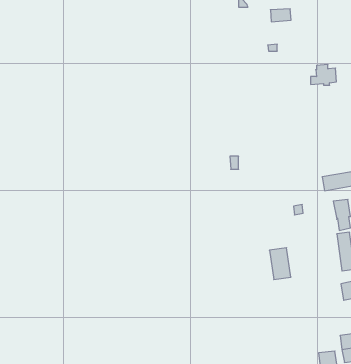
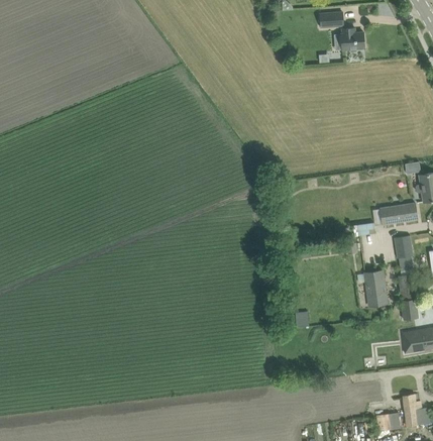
building: [311,65,336,85] -> [335,27,365,51]
building: [269,248,291,280] -> [363,269,389,307]

